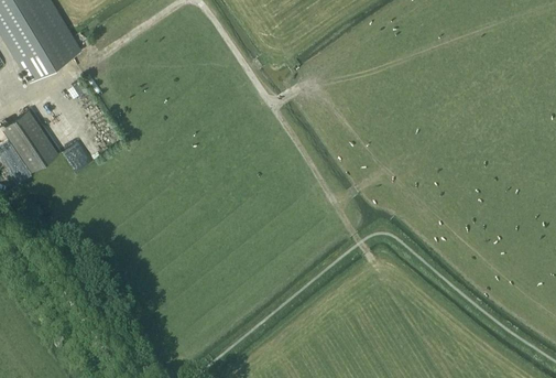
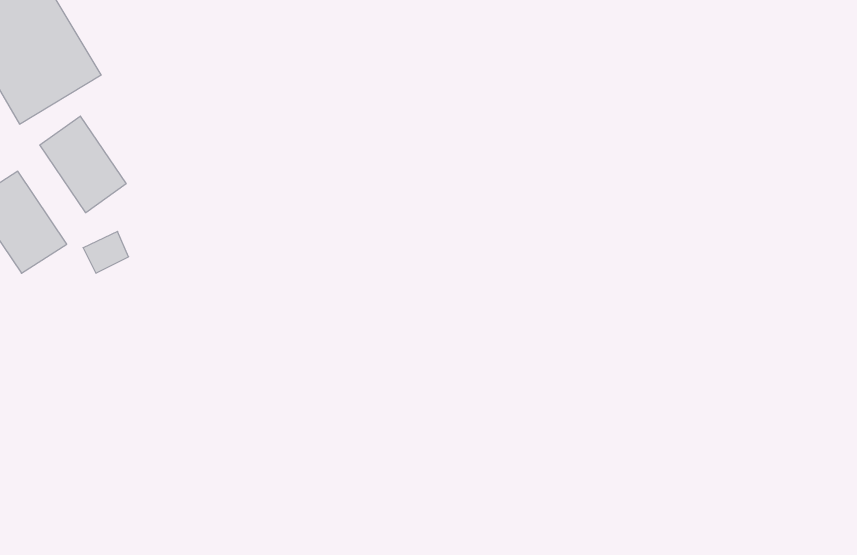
building: none -> [40,116,126,213]

